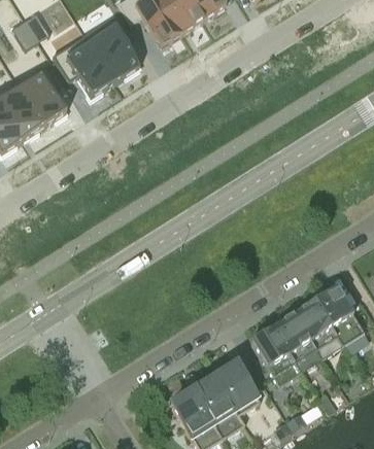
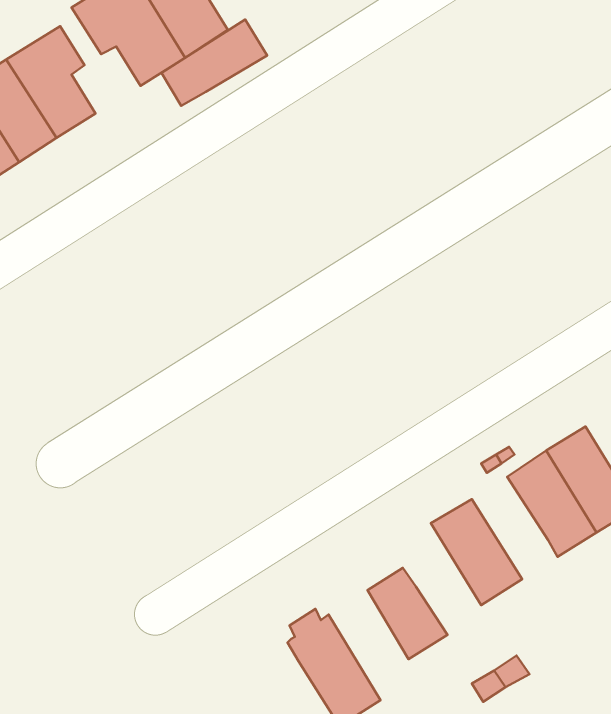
building: none -> [161,20,267,106]
building: [274,312,316,369] -> none
building: [195,375,245,436] -> none

